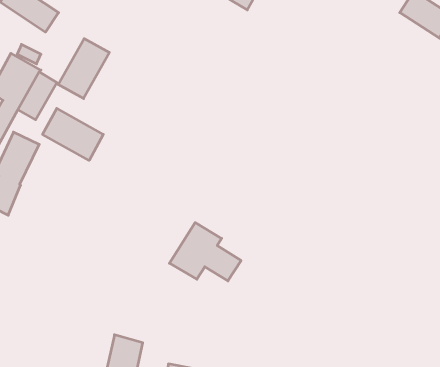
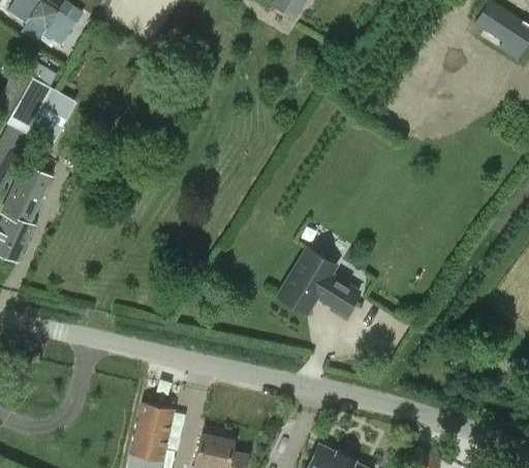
building: [58,39,109,99] -> none
building: [43,108,103,160] -> none
building: [169,223,241,281] -> [274,247,357,315]

